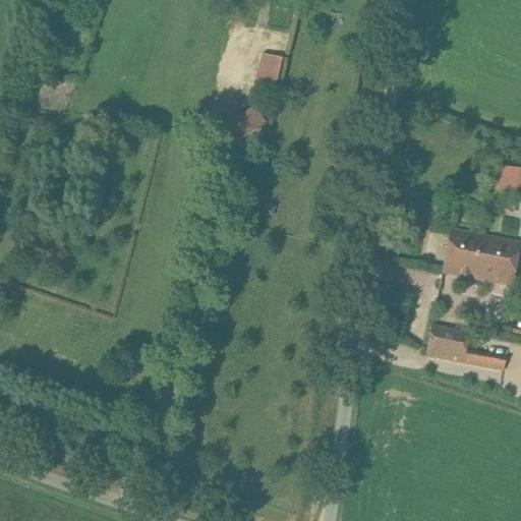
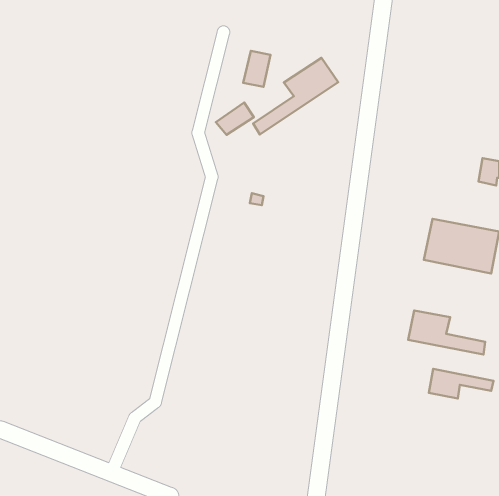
building: none -> [253,58,338,134]
building: none -> [429,369,494,399]

